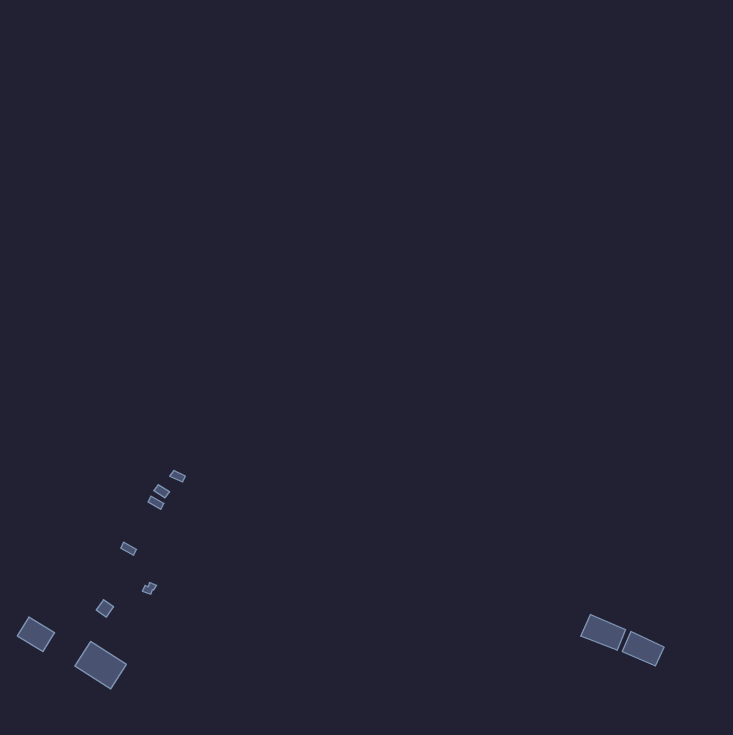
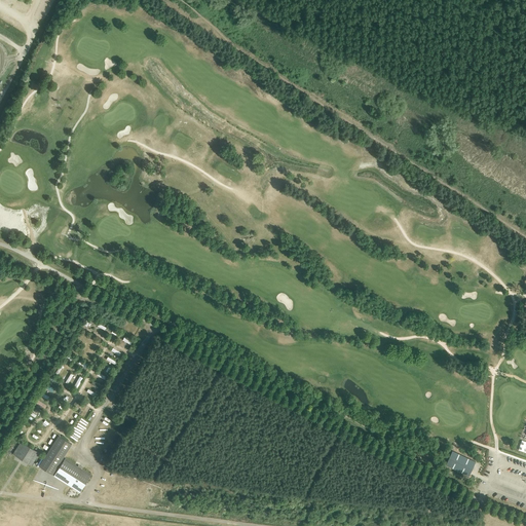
building: none -> [38,436,71,475]
building: [581,614,625,650] -> none

